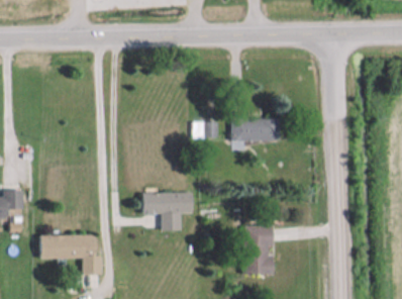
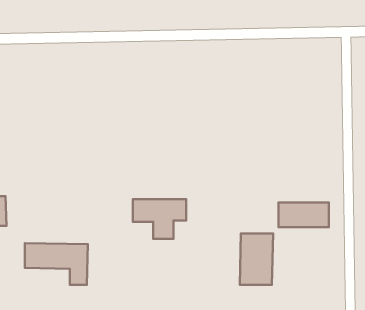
building: [231,117,279,140] -> [278,203,329,227]
building: [192,122,216,137] -> none

